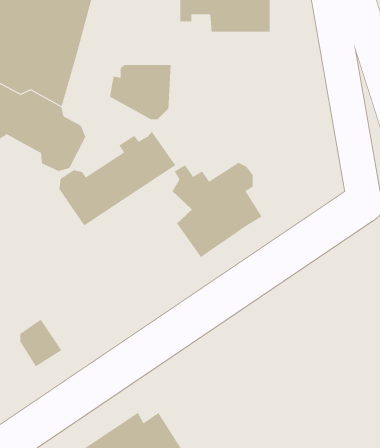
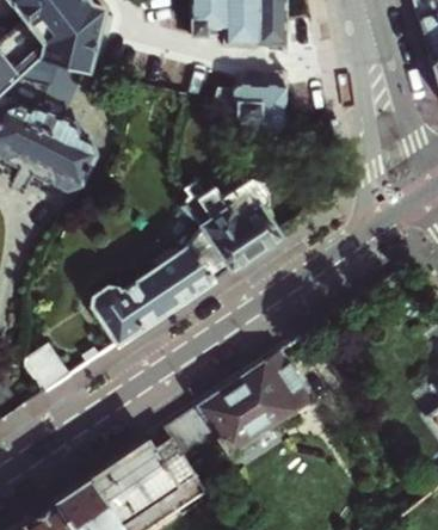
building: [109,65,172,120] -> [222,86,286,143]
building: [59,131,176,226] -> [93,244,215,343]
building: none -> [165,351,314,469]

